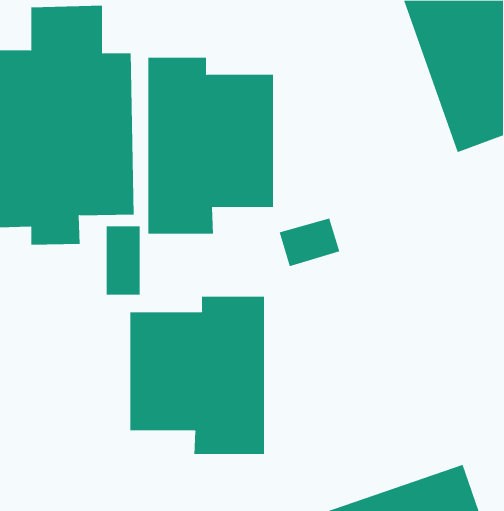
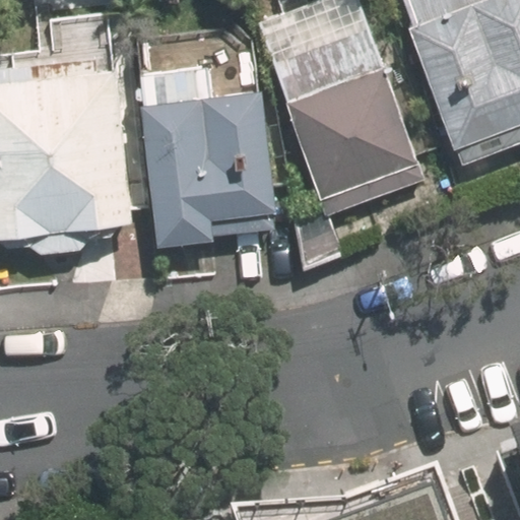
building: none -> [269,23,426,216]
building: [130,296,265,455] -> none

